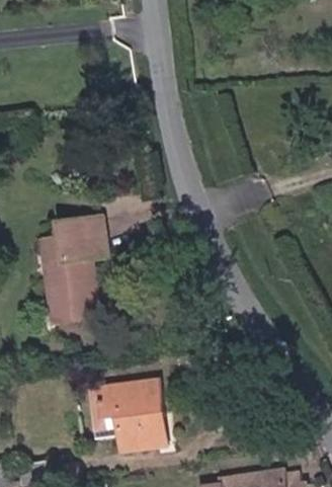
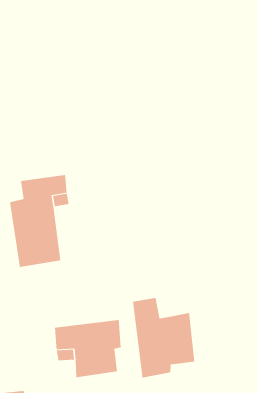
building: none -> [133,297,195,378]

